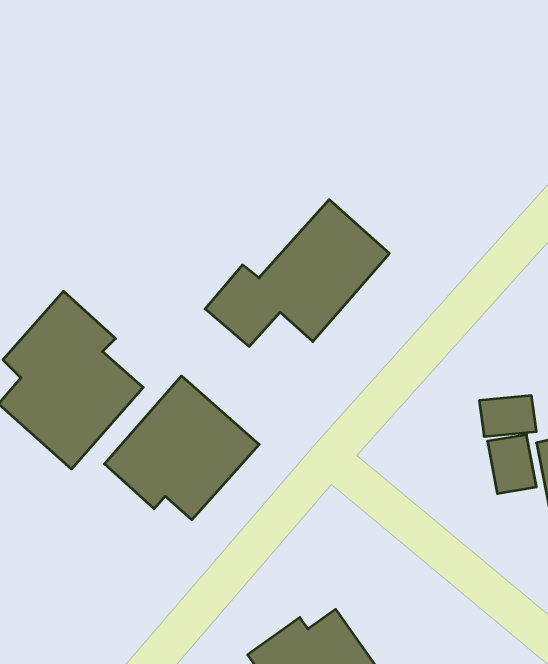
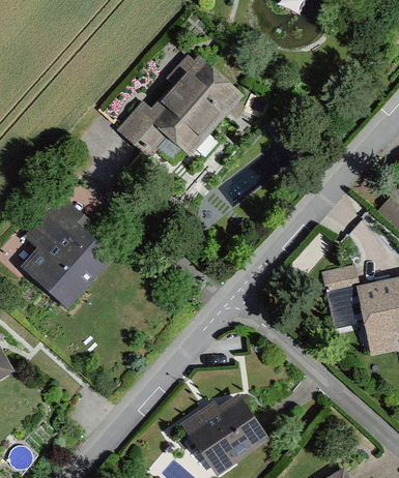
building: [205,200,389,346] -> [119,61,236,154]
building: [104,376,259,520] -> none

